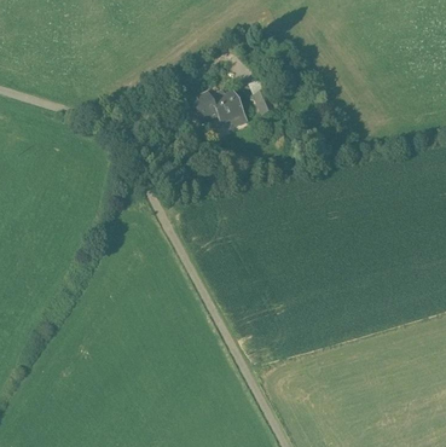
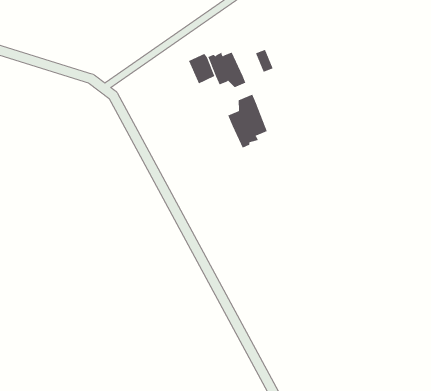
building: none -> [227,94,267,149]

